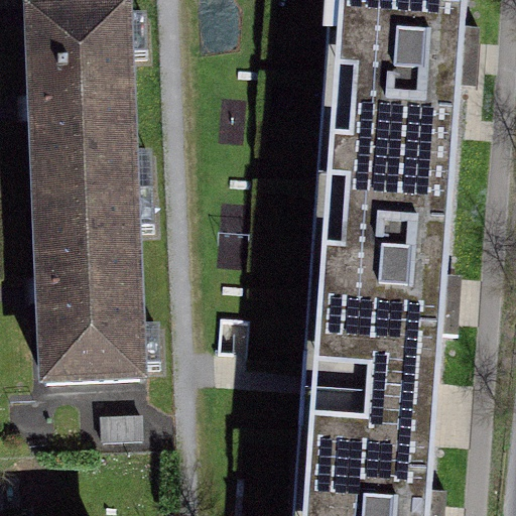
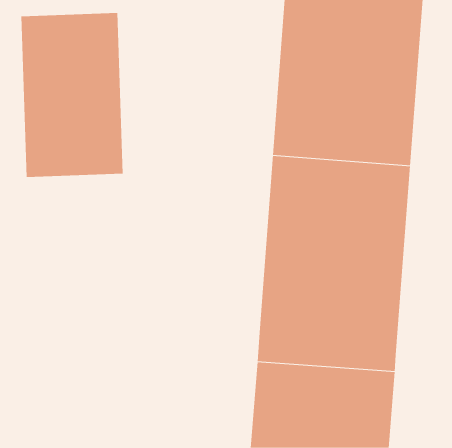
building: [29,196,146,381] -> none

